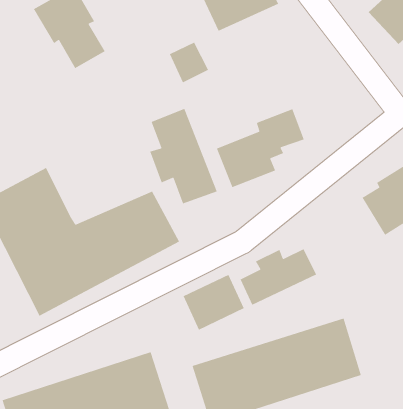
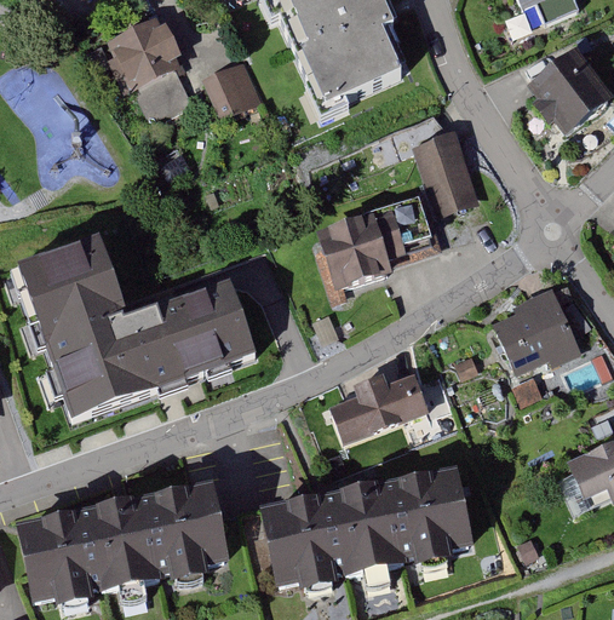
building: [169,42,209,83] -> [210,61,258,111]
building: none -> [415,134,477,216]
building: [149,108,218,205] -> none
building: [182,274,245,331] -> none

